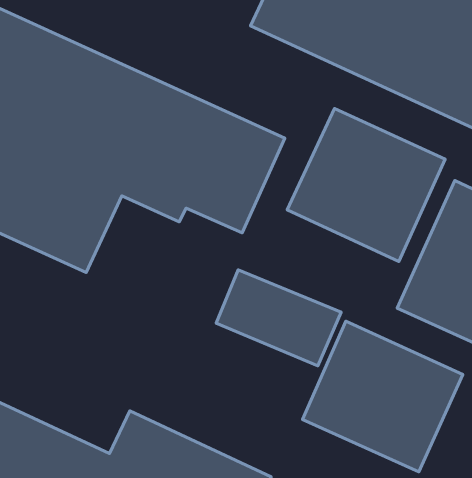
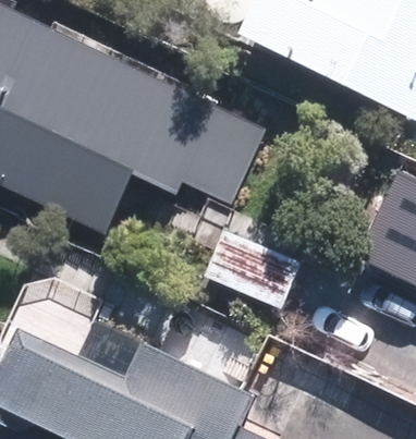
building: [287,108,445,262] -> none
building: [303,321,463,472] -> none

